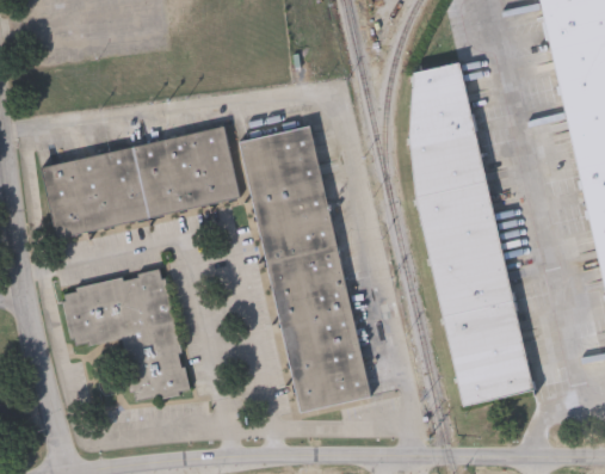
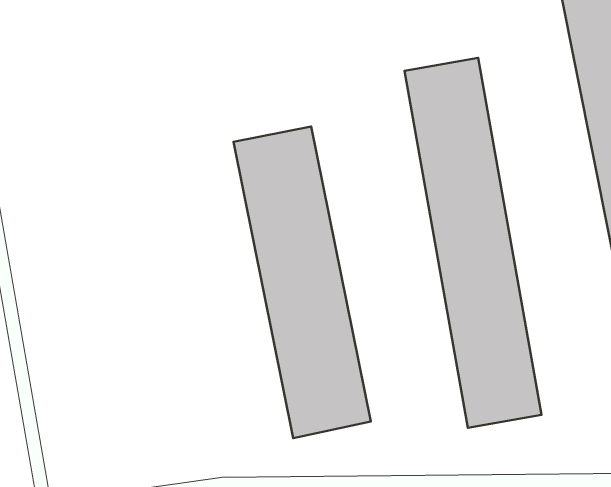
building: [41,129,240,236] -> none
building: [61,272,186,401] -> none

